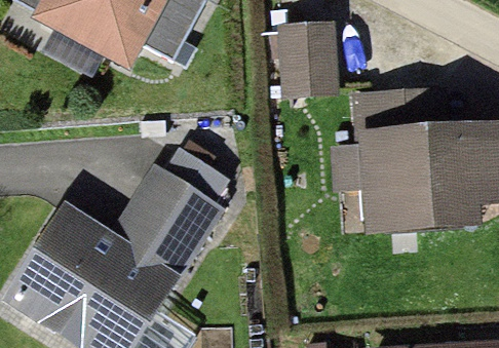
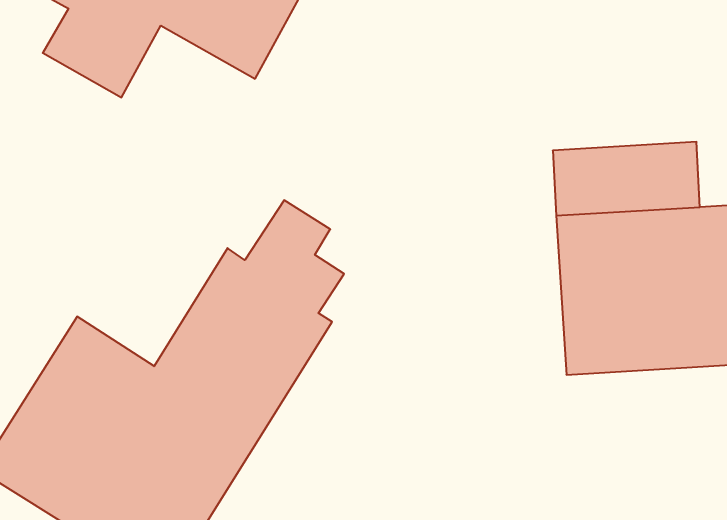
building: [273,32,328,102] -> none

